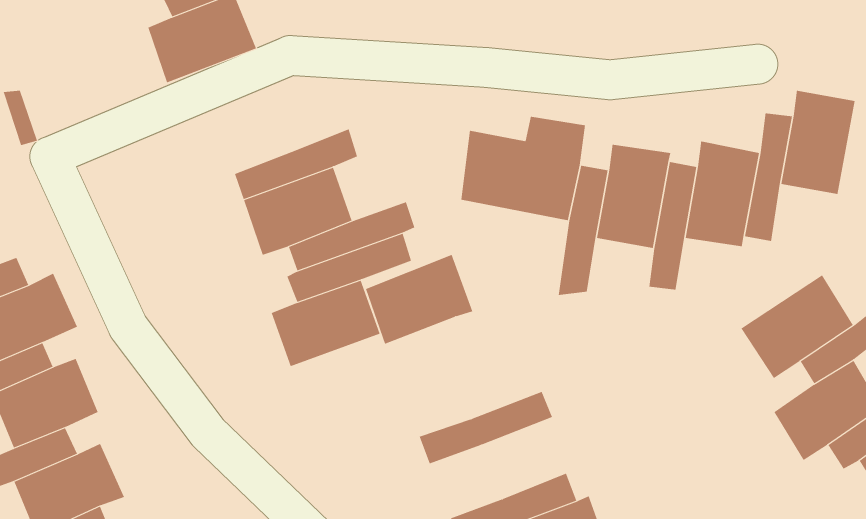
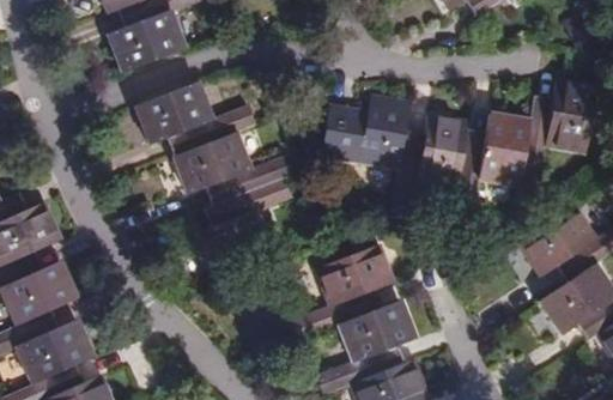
building: none -> [138,80,212,140]
building: [365,254,473,345] -> [318,241,393,303]
building: none -> [339,298,414,358]

